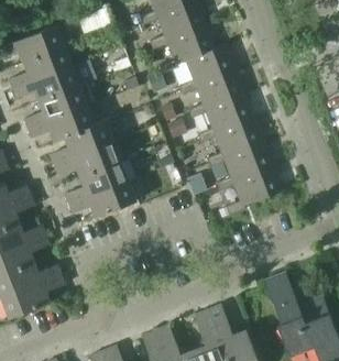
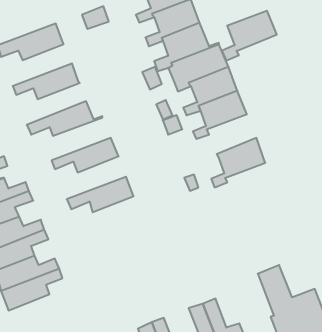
building: [9,46,74,89] -> none
building: [24,83,92,129] -> none
building: [206,118,262,168] -> [222,11,277,60]
building: [50,121,113,165] -> none
building: [64,161,129,205] -> none
building: [218,167,281,219] -> none

